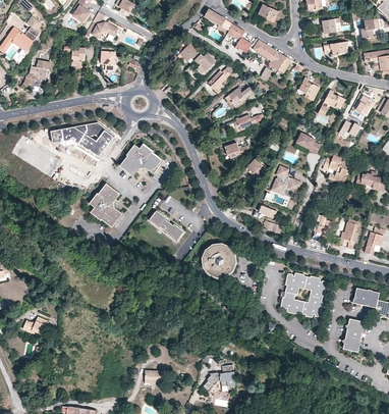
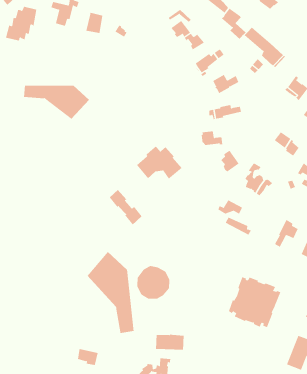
building: [119,145,163,178] -> [136,146,182,179]
building: [89,185,121,228] -> none
building: [202,244,234,275] -> [137,266,170,299]
building: none -> [87,251,134,334]
building: none -> [156,334,184,350]

